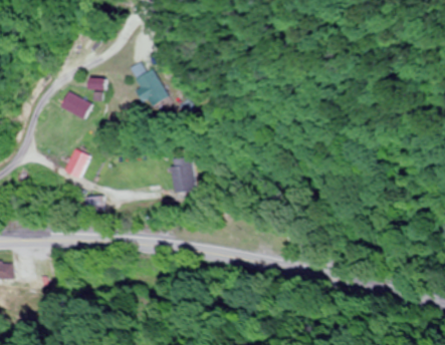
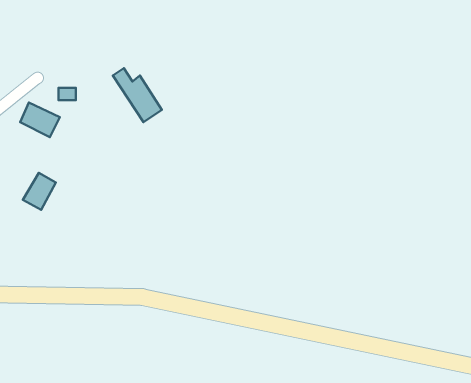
building: [168,158,190,194] -> none

